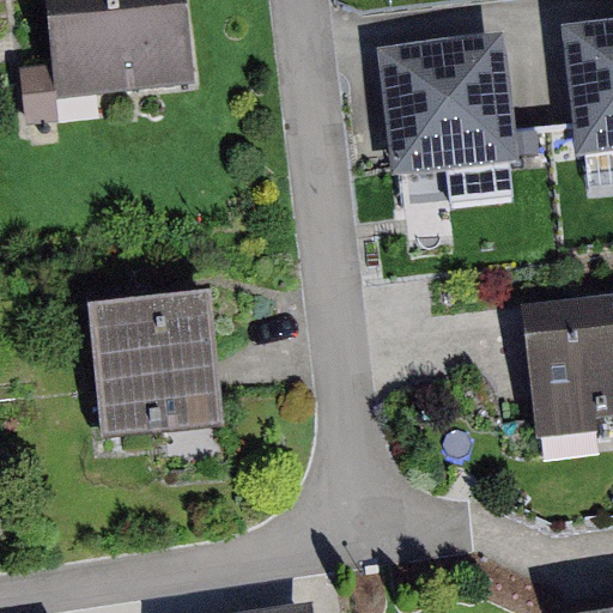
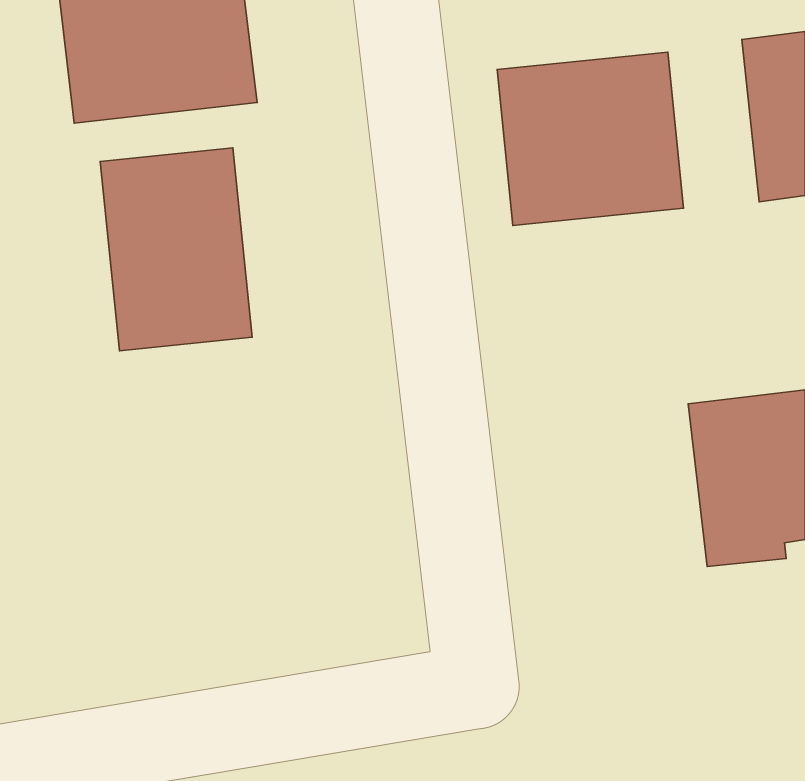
building: none -> [100,148,252,351]
building: [89,308,225,437] -> none

